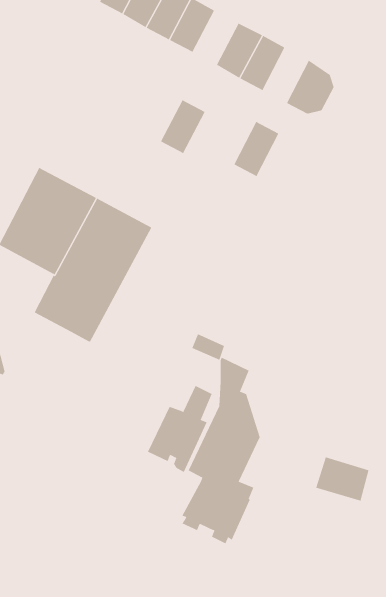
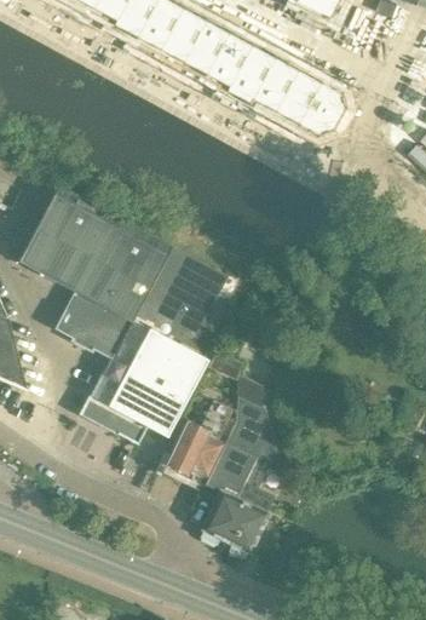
building: [160,100,206,154] -> [209,33,254,86]
building: [234,121,279,177] -> [278,69,323,124]
building: none -> [77,246,235,444]
building: [315,456,369,502] -> none

